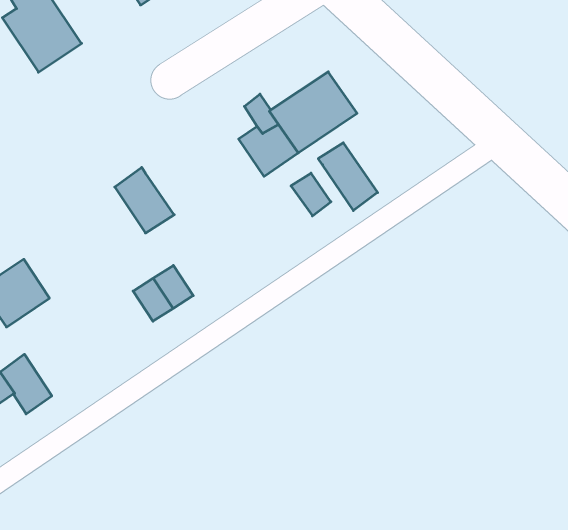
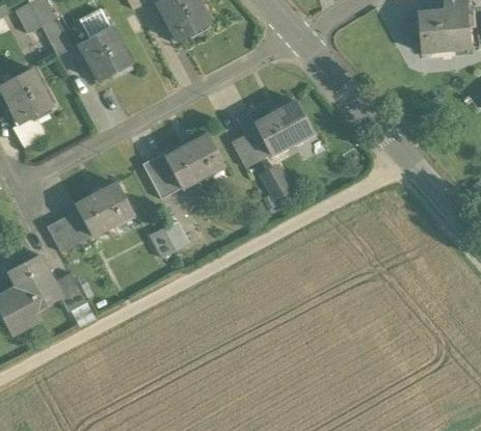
building: none -> [165,134,223,187]
building: [318,143,378,211] -> none
building: none -> [75,182,133,235]

